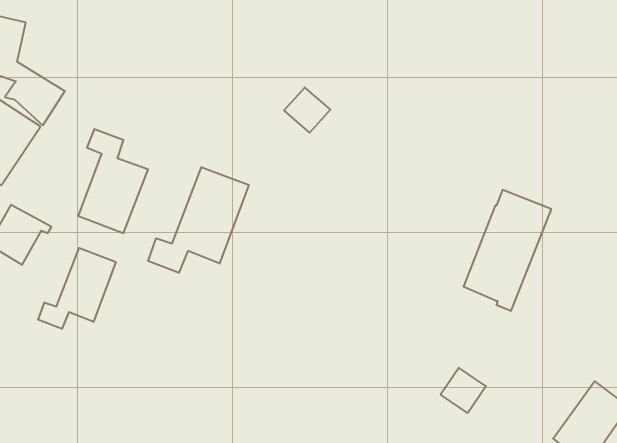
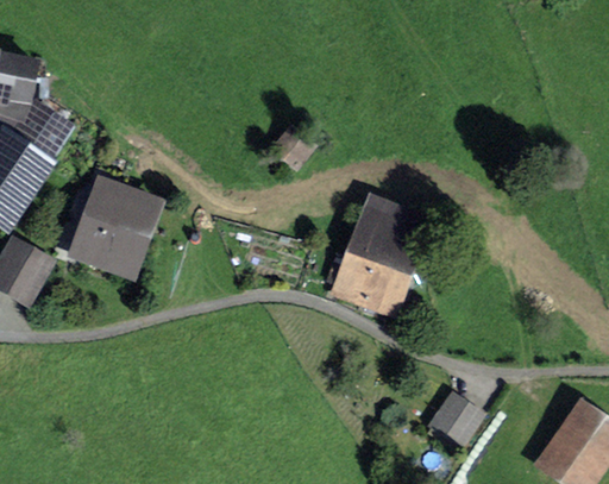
building: [148,167,249,273] -> none
building: [463,190,551,311] -> [337,200,422,318]
building: [38,248,116,329] -> none

